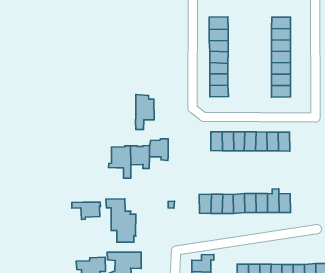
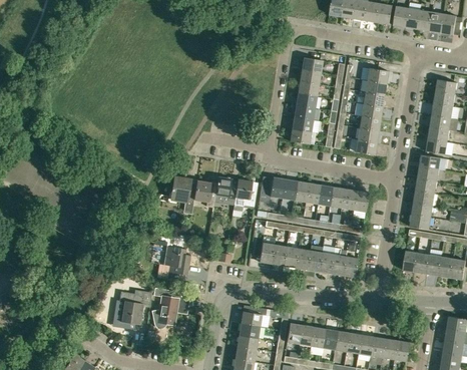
building: [136,95,154,130] -> [232,178,257,217]
building: none -> [260,176,285,199]
building: [72,202,100,220] -> none

